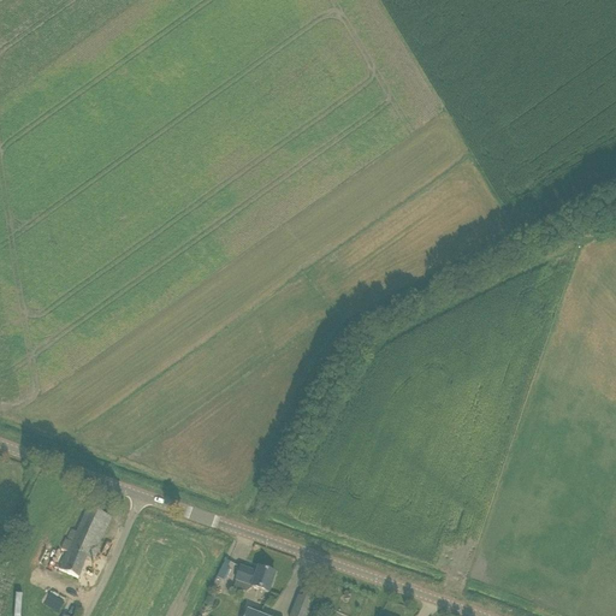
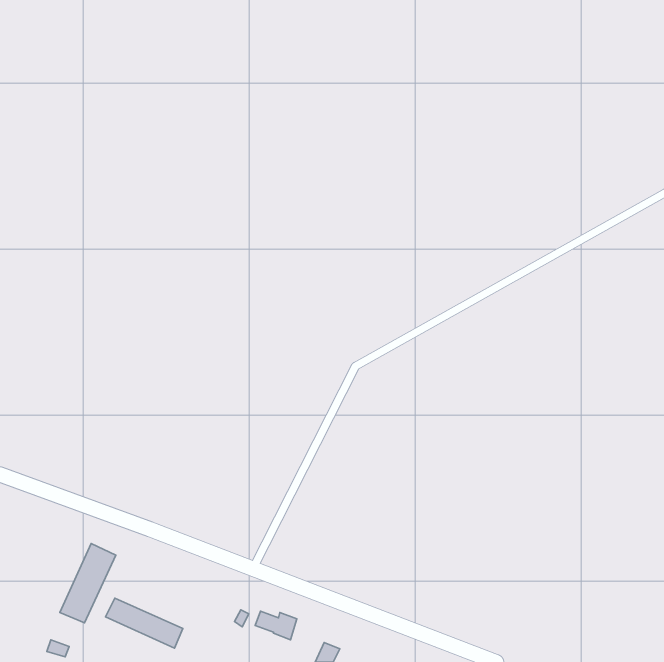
building: none -> [106,598,183,648]

